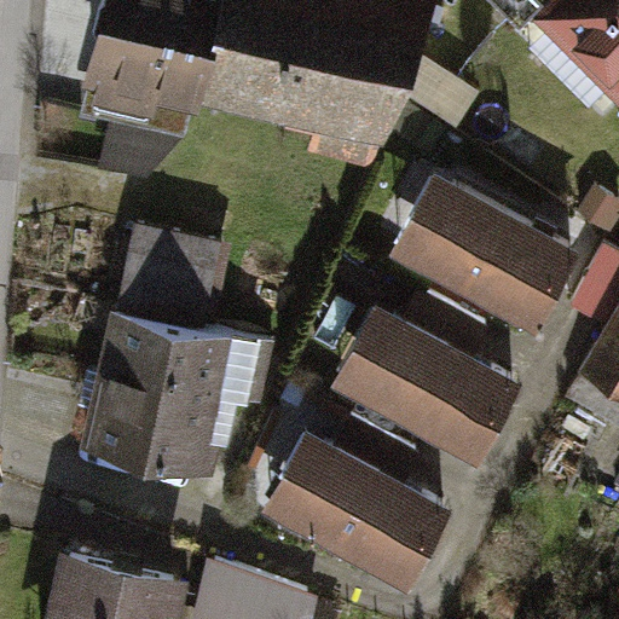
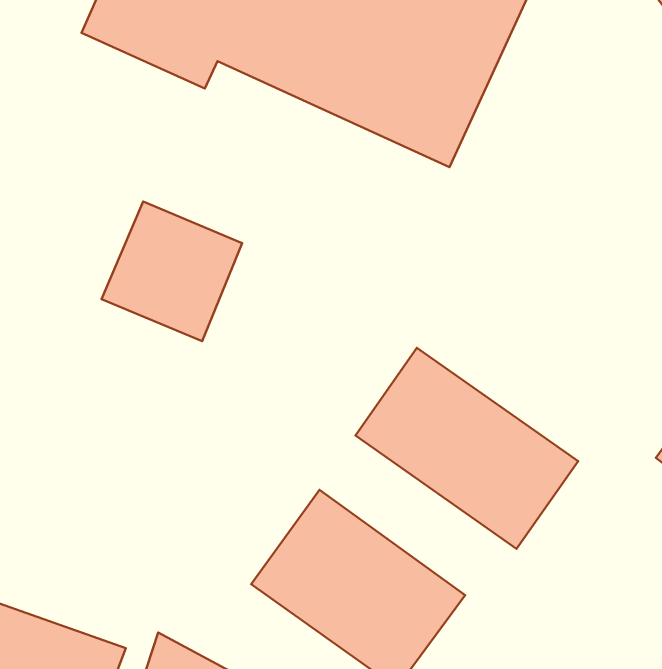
building: [395,180,560,326] -> none
building: [92,324,239,479] -> none

